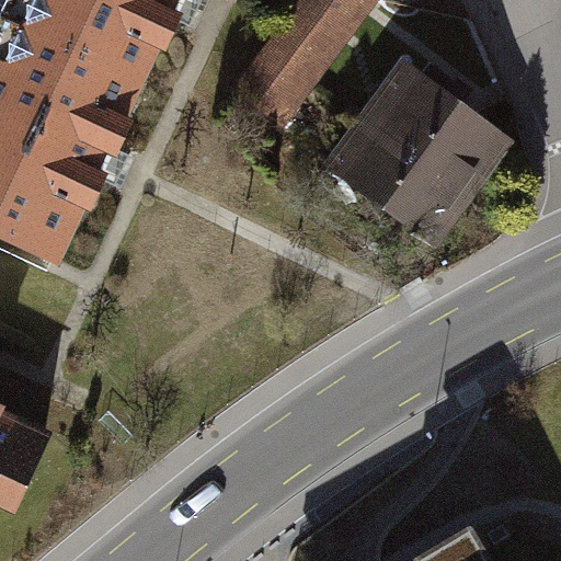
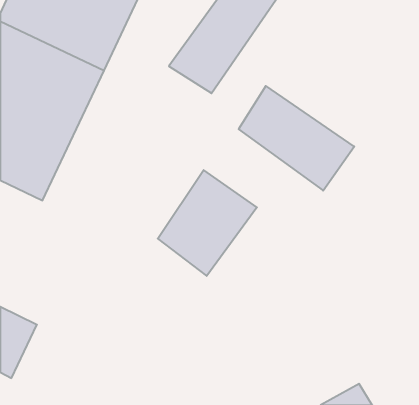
building: [355,59,514,196] -> none
building: none -> [158,170,257,276]

